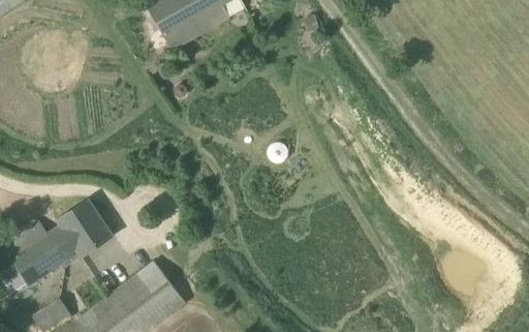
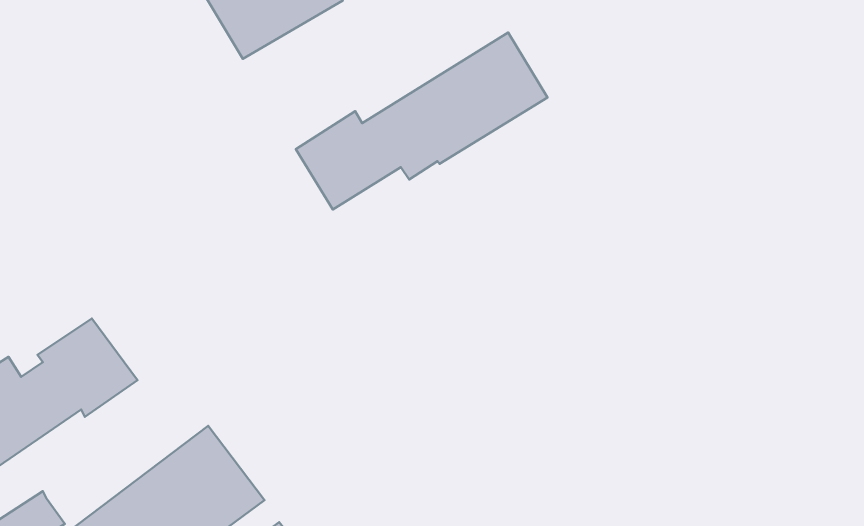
building: none -> [296,32,547,210]

